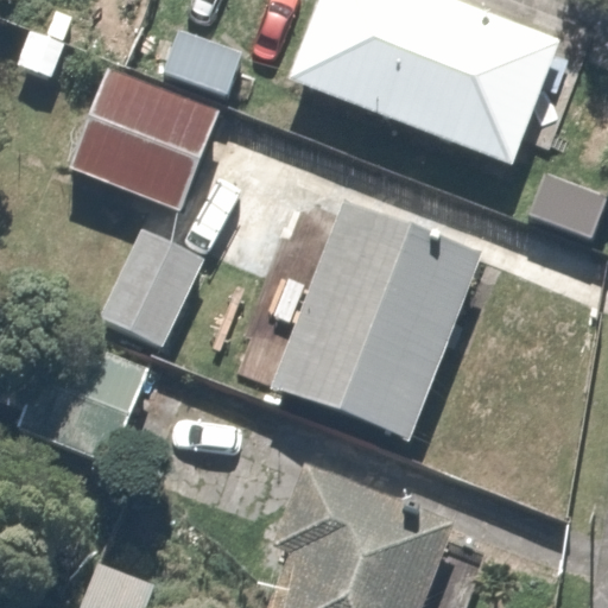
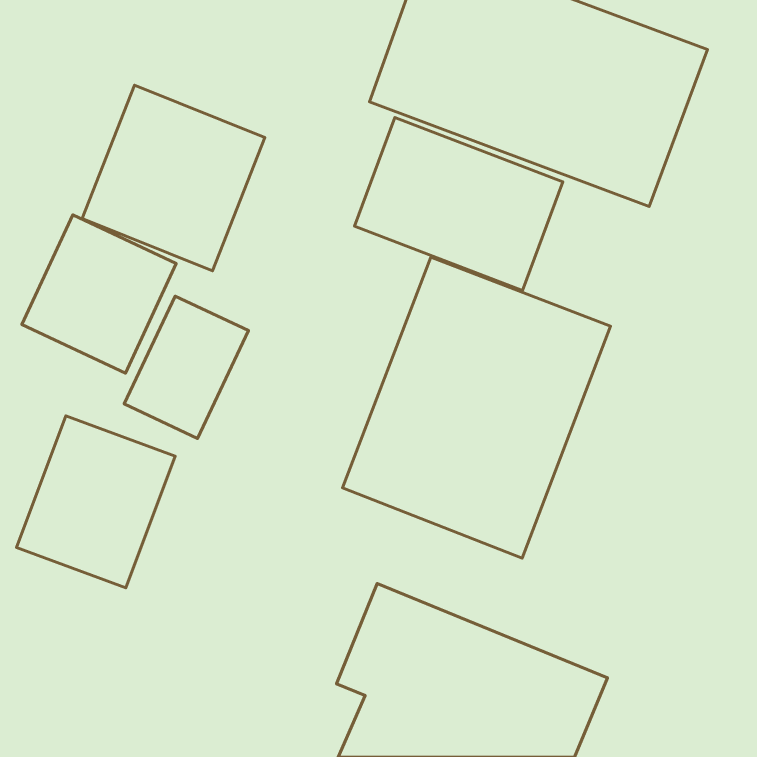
building: none -> [355,117,563,290]
building: none -> [22,215,176,373]

